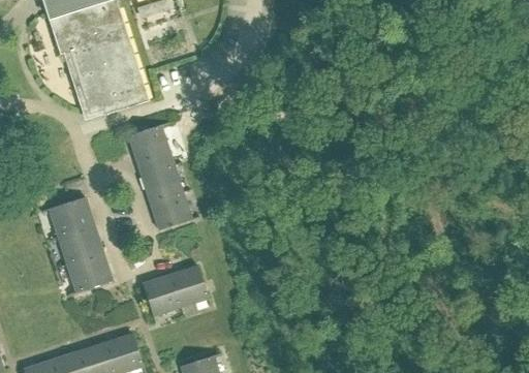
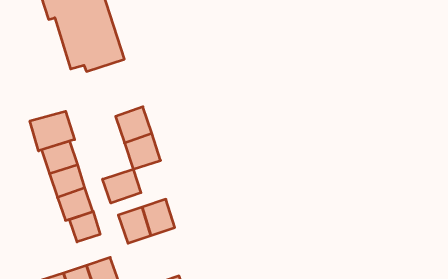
building: [127,125,169,168] -> none
building: none -> [30,111,75,151]
building: none -> [103,169,141,203]
building: none -> [69,211,100,242]

